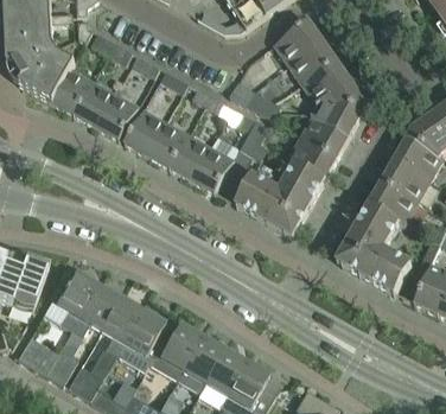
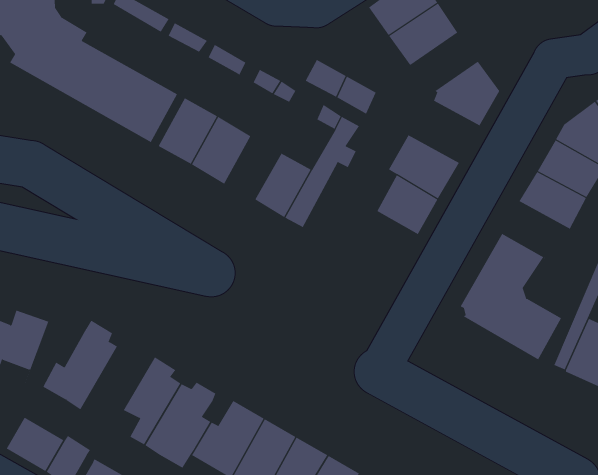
building: [302,62,351,103] -> none
building: [301,110,352,154] -> none
building: [171,135,211,180] -> none
building: [234,173,308,234] -> none
building: [368,181,416,224] -> none
building: [69,284,121,336] -> none

